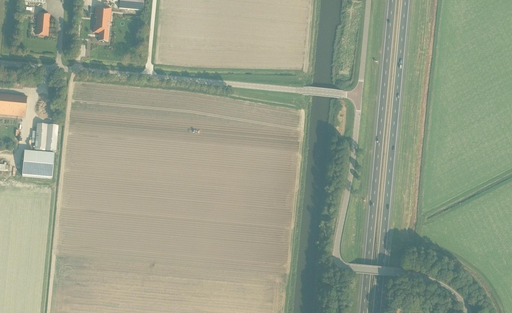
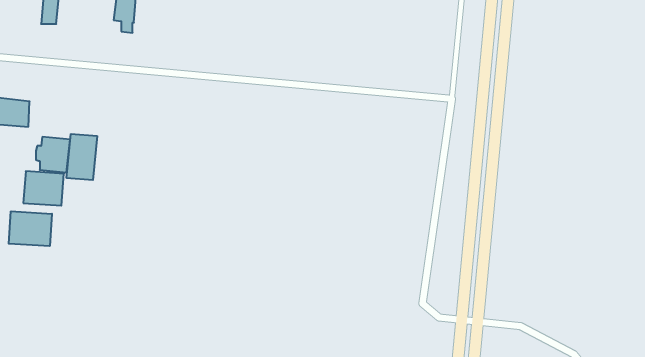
building: none -> [67,134,97,180]
building: none -> [9,211,52,246]

